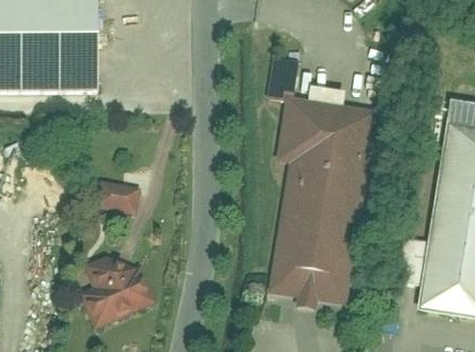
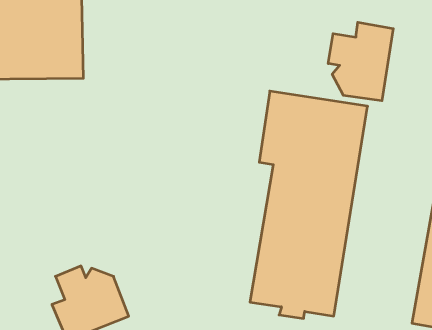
building: none -> [328,22,393,101]
building: [99,179,145,214] -> none

